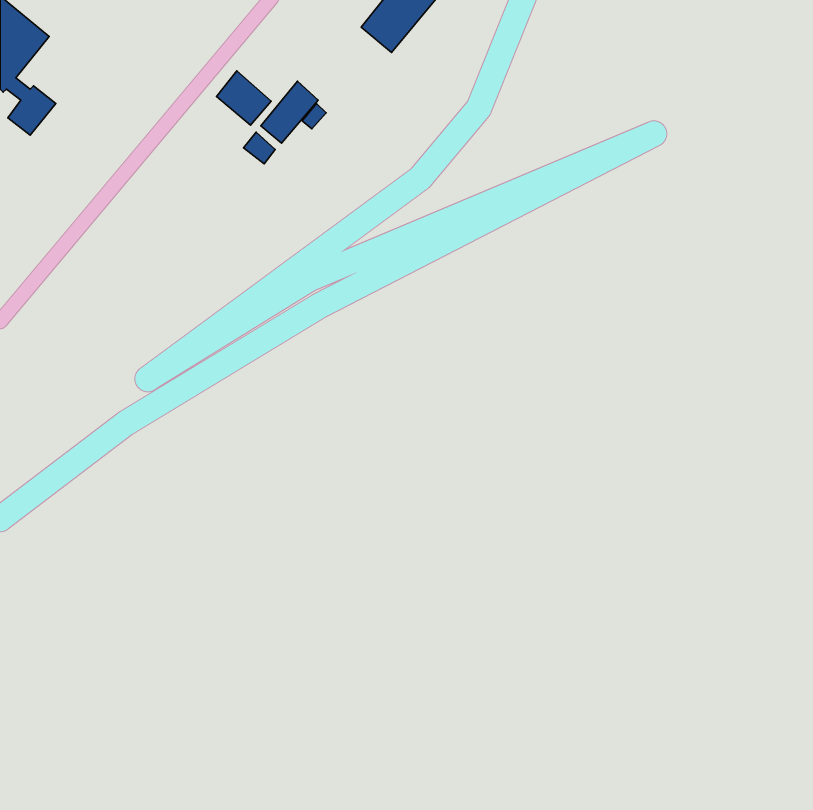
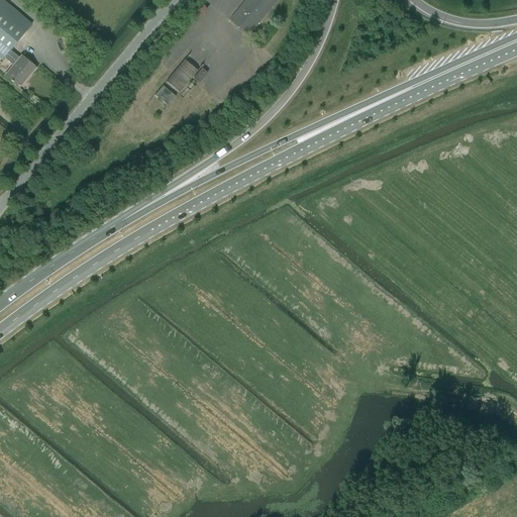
building: [216,71,271,125] -> none

